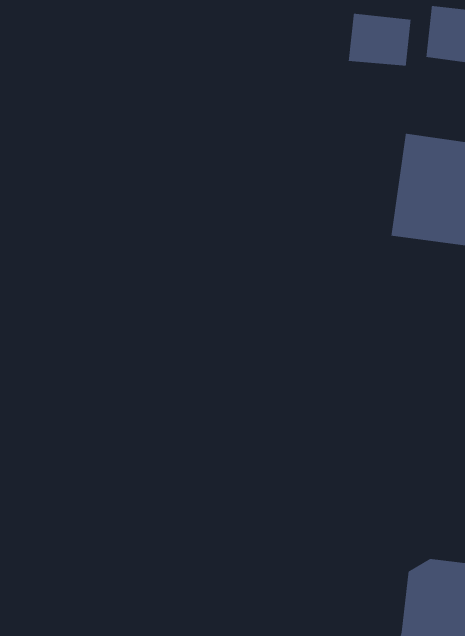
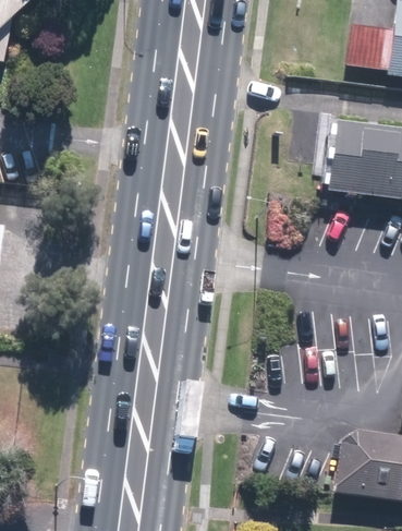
building: [348,13,411,66] -> none

